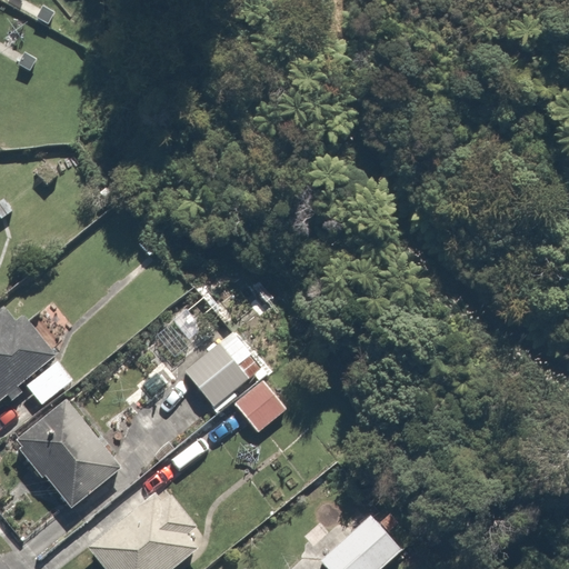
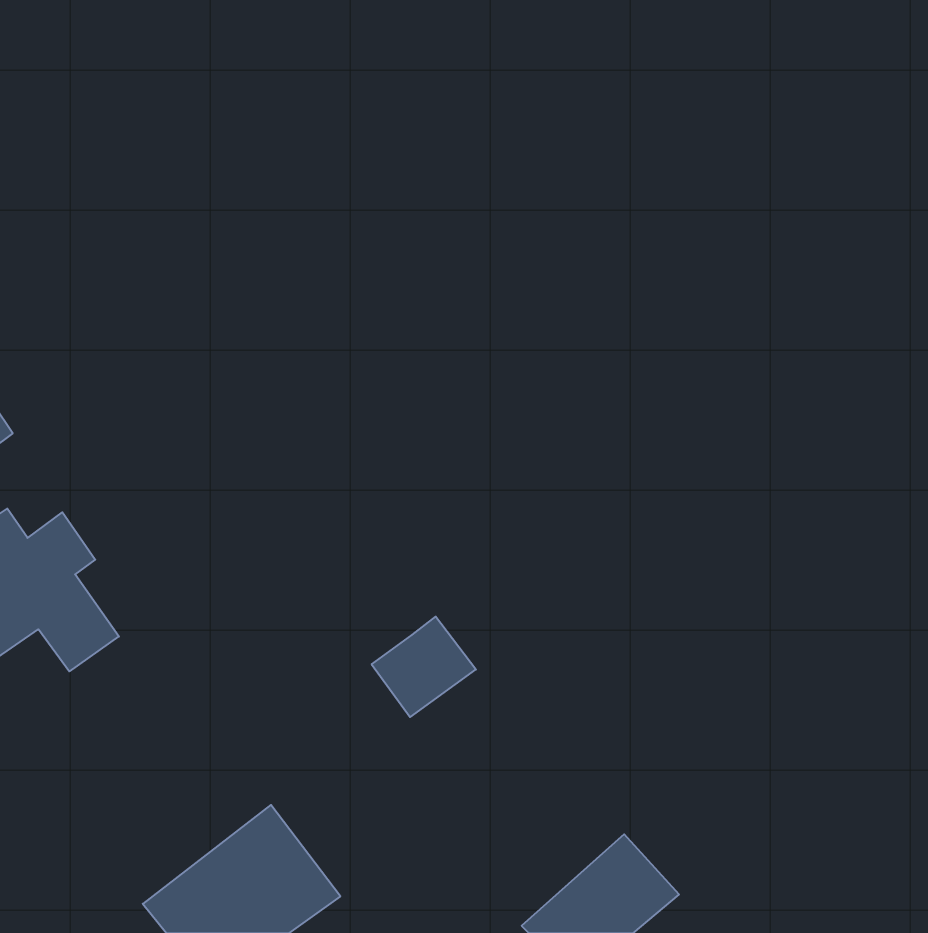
building: [180,345,264,416] -> none
building: [9,400,116,509] -> none

